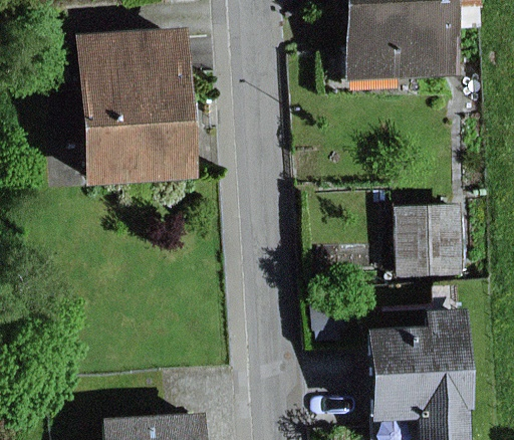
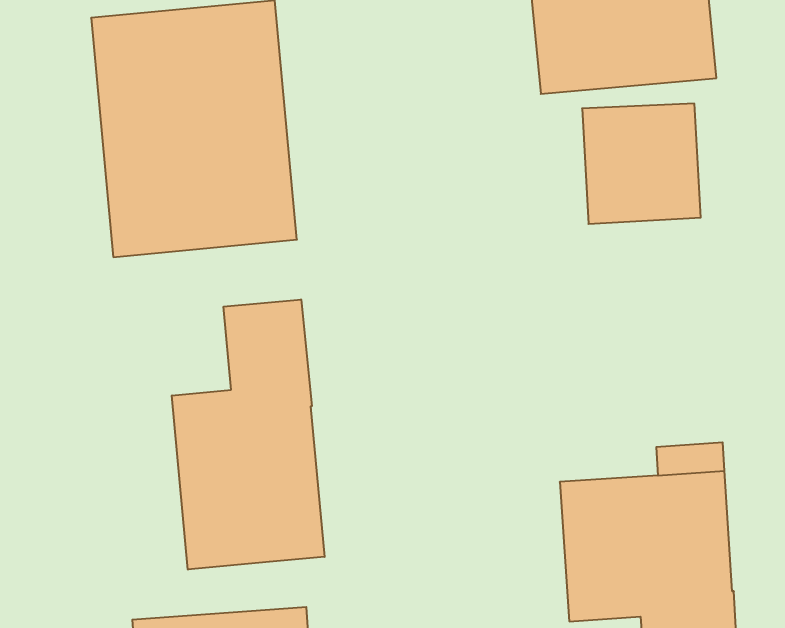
building: [394,197,469,273] -> [582,104,701,224]
building: none -> [172,299,325,570]

